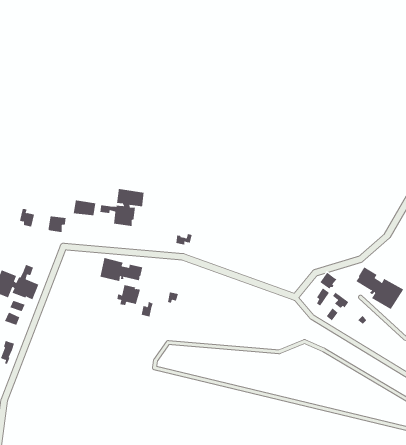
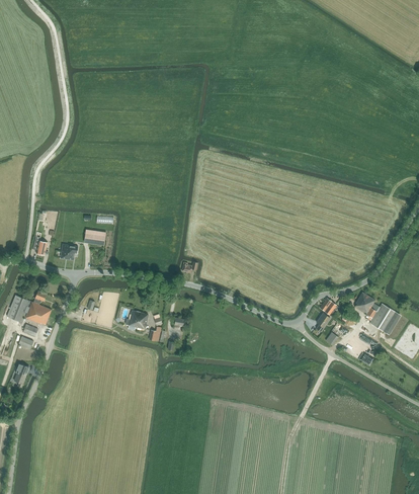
building: [100,188,144,227] -> none
building: [100,257,143,282] -> none

